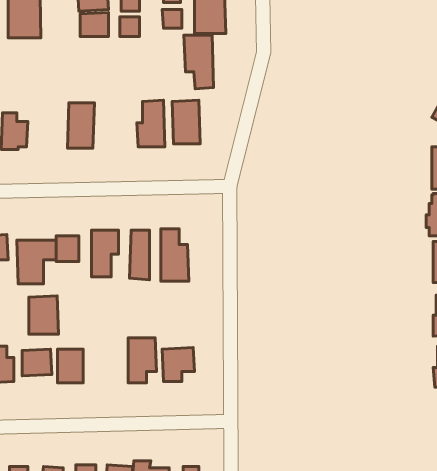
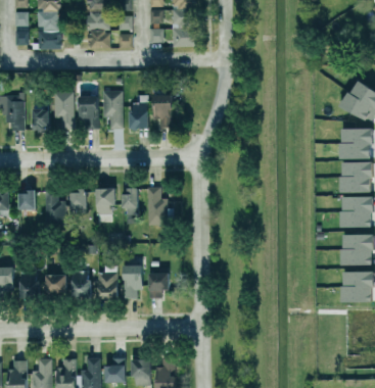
building: [184,35,214,89] -> [101,90,123,129]
building: none -> [53,91,74,129]
building: [29,296,59,334] -> [97,272,119,299]

